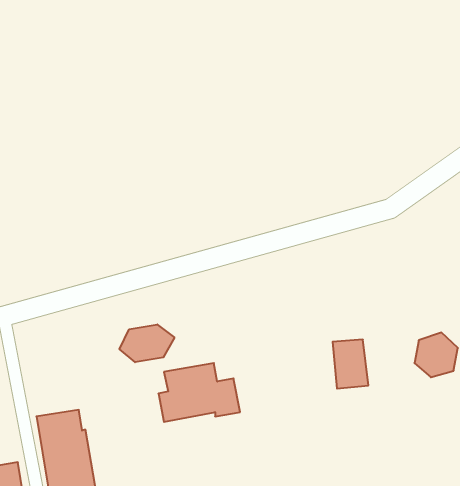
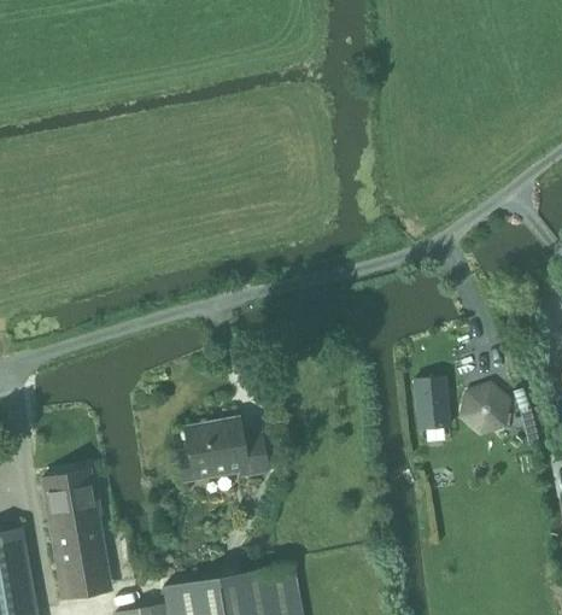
building: [119,324,174,362] -> none
building: [333,340,368,389] -> [411,376,451,430]

